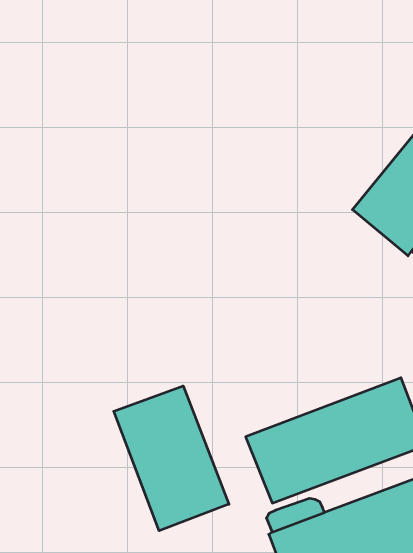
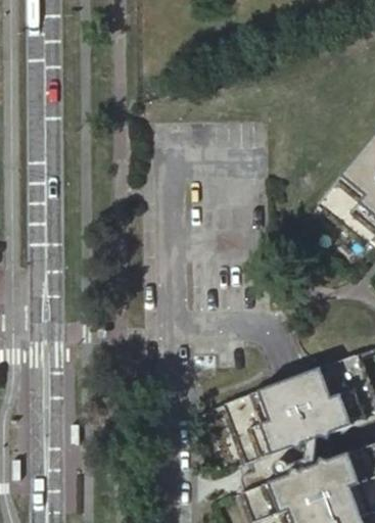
building: [114,386,229,531] -> none

